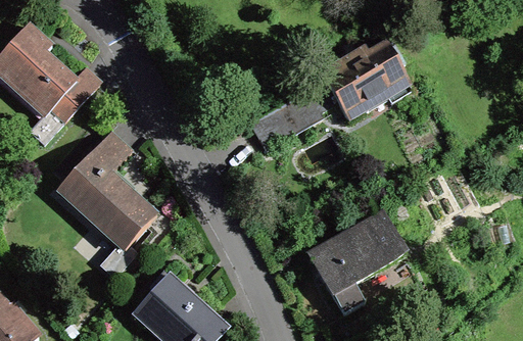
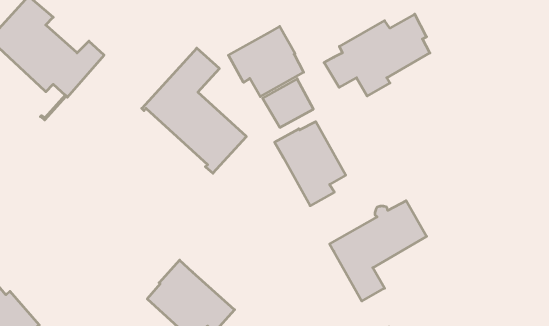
building: none -> [228,26,304,97]
building: [57,131,156,249] -> [142,48,246,173]
building: none -> [275,122,346,206]

